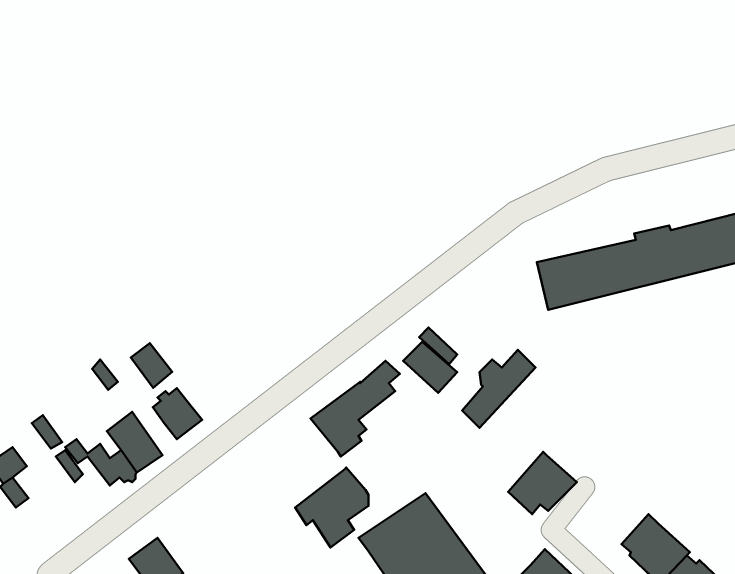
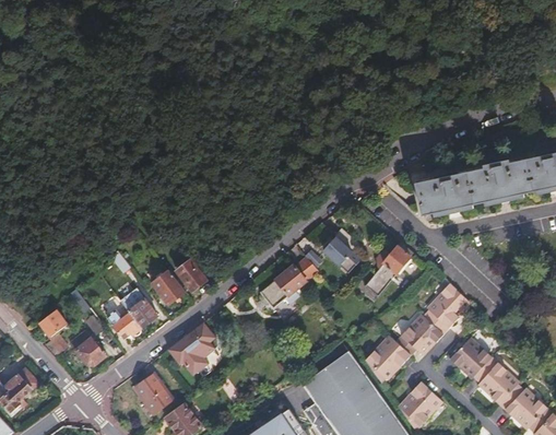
building: [131,343,172,388] -> [177,261,205,292]
building: none -> [422,283,471,334]
building: [295,468,369,547] -> [168,321,218,376]
building: none -> [74,336,106,364]
building: none -> [365,336,412,385]
building: none -> [451,337,492,378]

